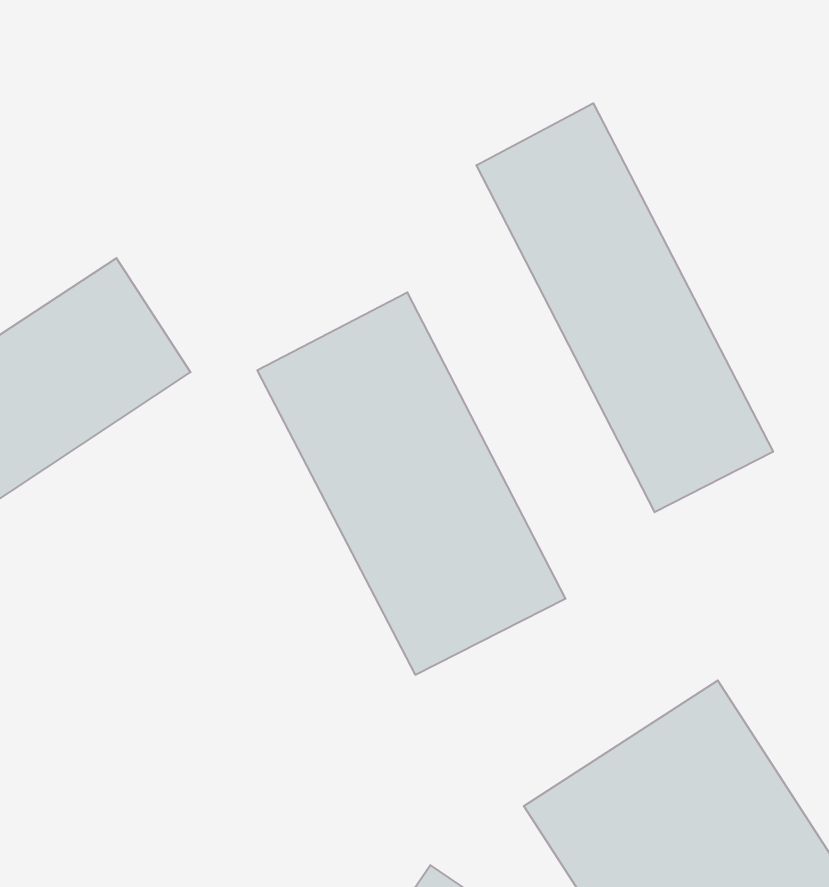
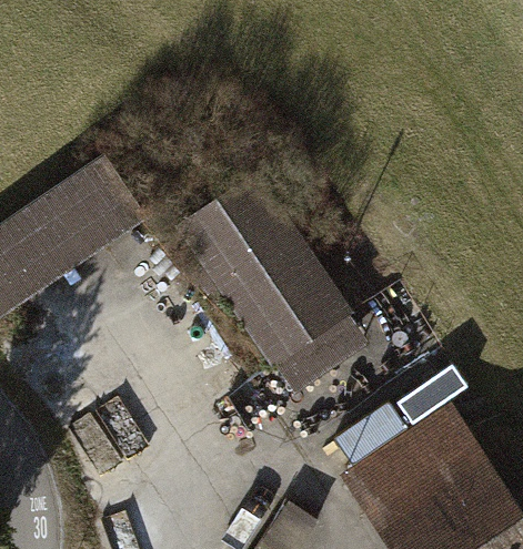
building: [476,103,773,512] -> none

